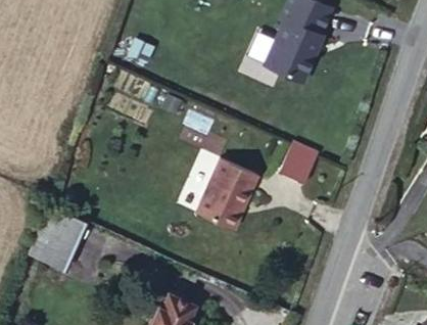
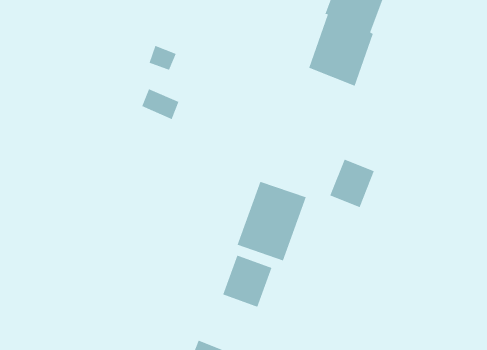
building: [36,216,86,273] -> none
building: none -> [222,255,272,308]

